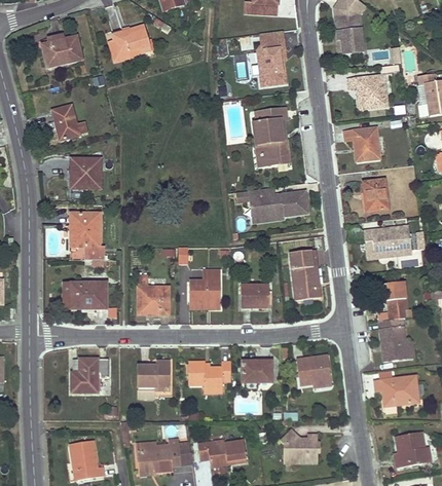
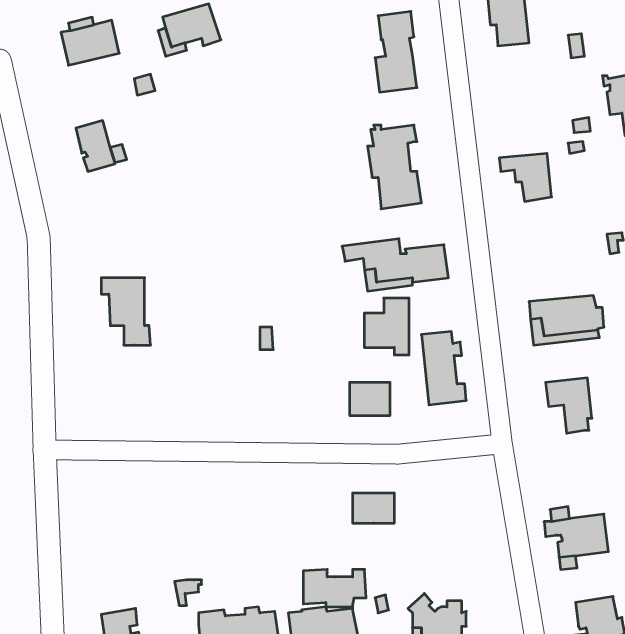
building: [347,75,388,108] -> none
building: [70,157,102,188] -> none
building: [363,179,388,211] -> none
building: [189,269,220,308] -> [364,298,409,355]
building: [138,274,169,313] -> none
building: [64,283,106,310] -> none
building: [378,317,407,361] -> none
building: [297,354,331,384] -> none
building: [71,358,109,391] -> none
building: [138,361,169,397] -> none
building: [188,361,231,386] -> [303,569,366,607]

